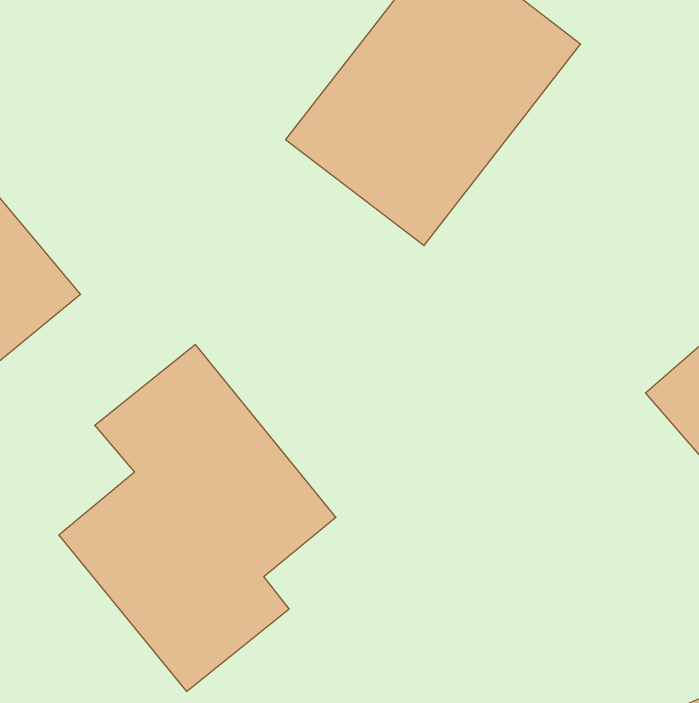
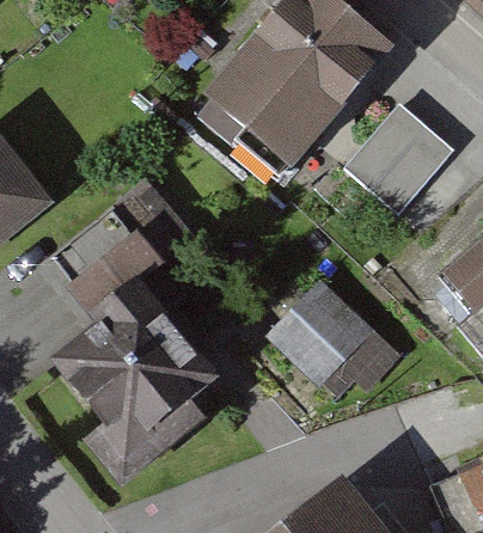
building: none -> [348,100,457,212]
building: none -> [275,280,393,396]

